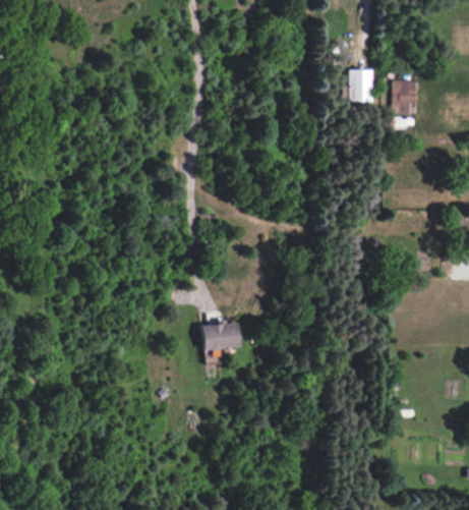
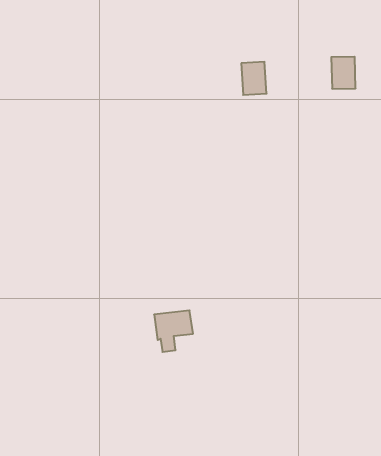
building: [348,69,371,101] -> [241,62,267,95]

